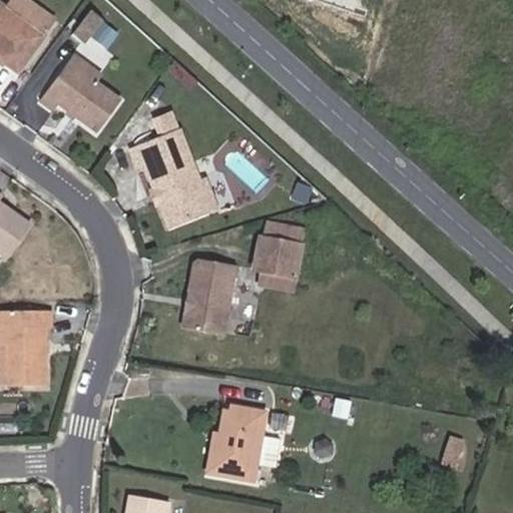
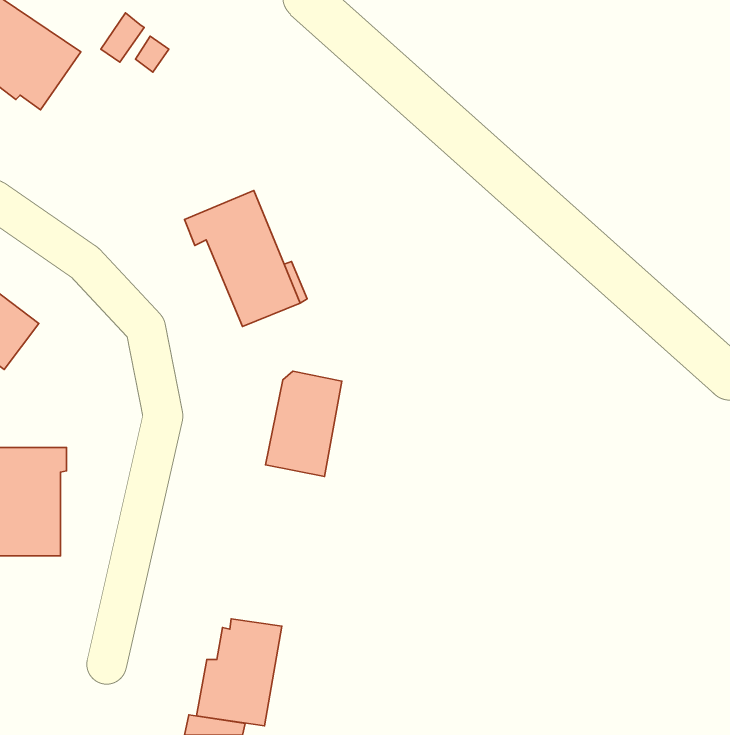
building: [39,54,119,131] -> none
building: [254,230,309,278] -> none
building: [208,406,268,480] -> [197,619,282,726]

